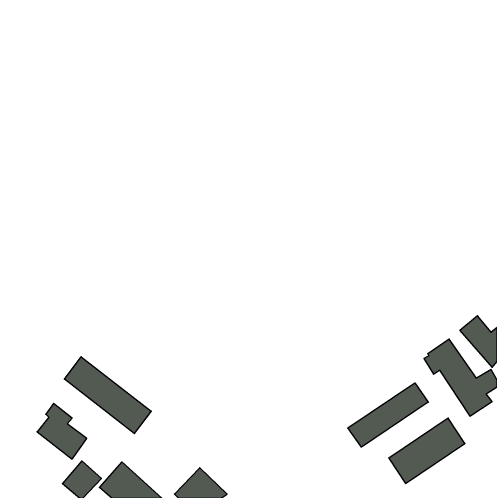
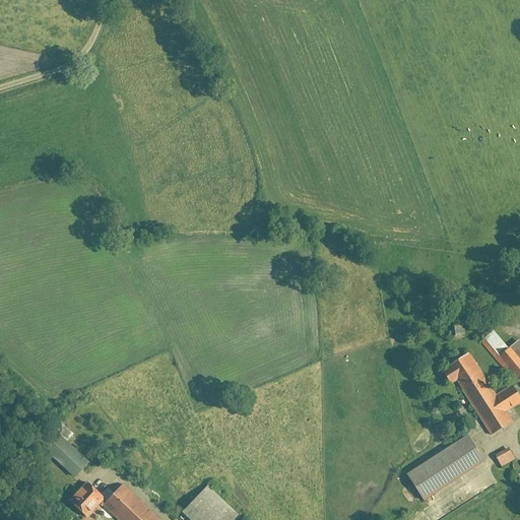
building: [64,357,151,434] -> none
building: [348,383,428,447] -> none

